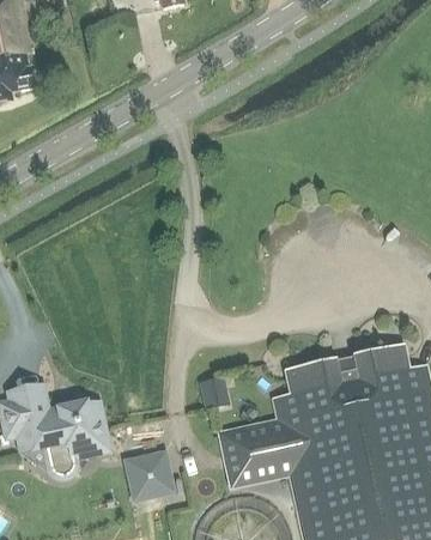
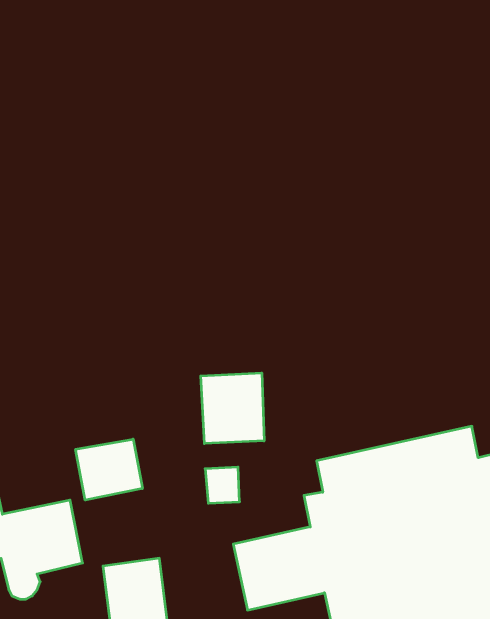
building: none -> [201,373,264,444]
building: none -> [76,439,142,500]

